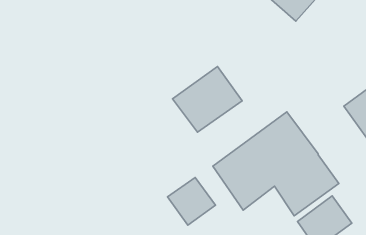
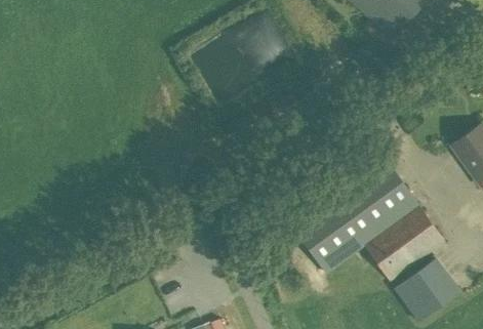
building: [173,67,242,132] -> none
building: [167,177,215,225] -> none

